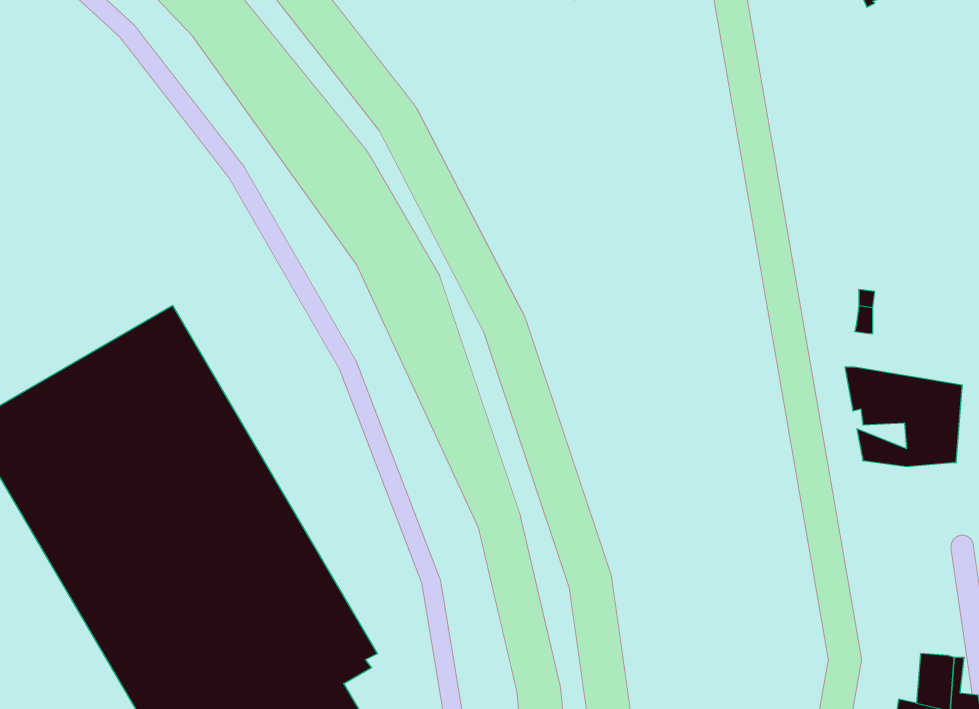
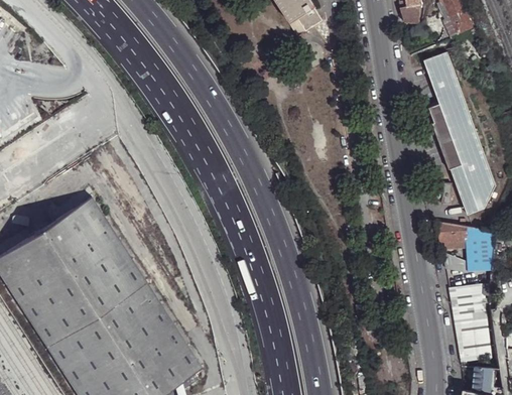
building: none -> [423,51,495,214]
building: none -> [446,286,498,363]

